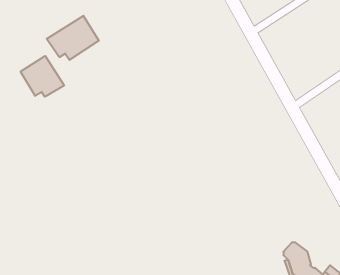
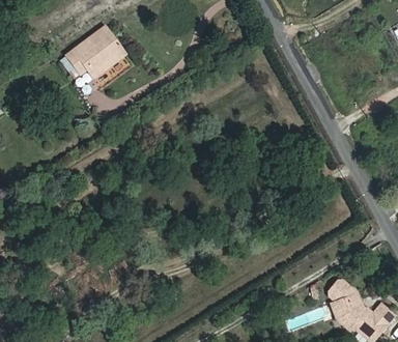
building: [21,56,64,97] -> none

